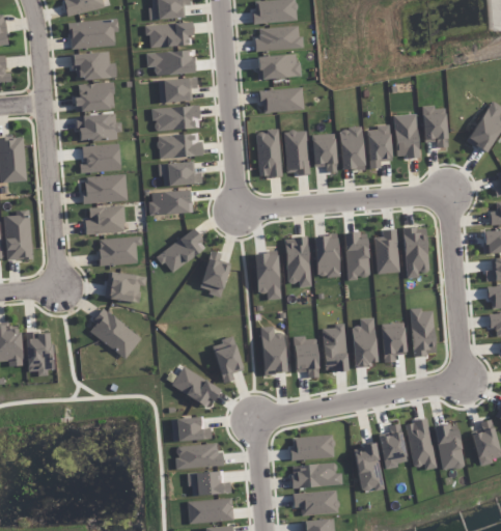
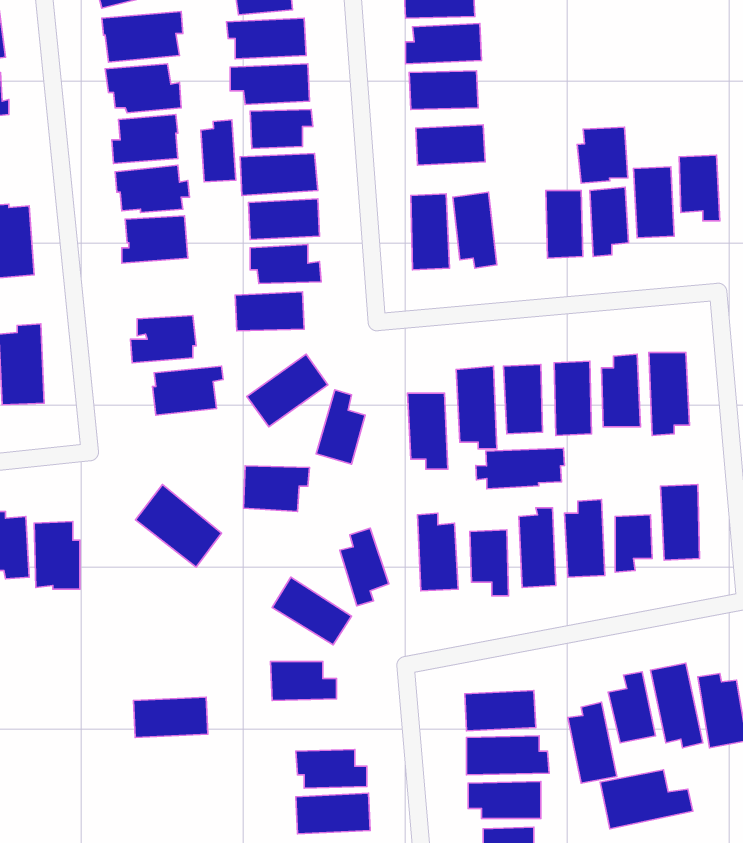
building: none -> [201,120,236,182]
building: none -> [577,127,628,183]
building: [312,138,336,171] -> none
building: [82,173,128,203] -> none
building: [106,273,146,301] -> [244,466,309,511]
building: none -> [476,448,565,489]
building: [175,443,221,468] -> [134,697,208,738]
building: none -> [600,770,693,829]

